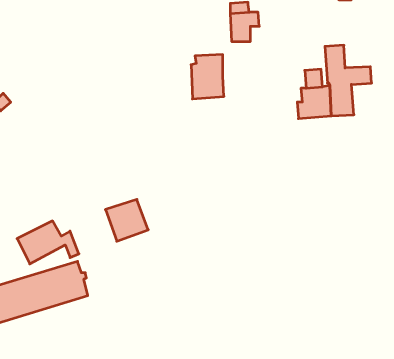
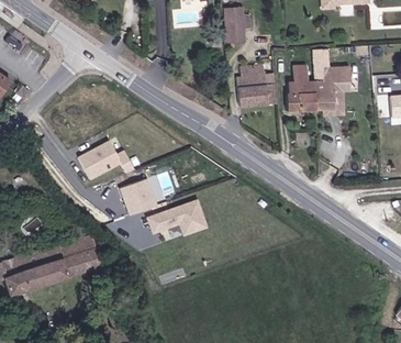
building: [191,55,224,99] -> [238,70,267,109]
building: [17,221,79,264] -> [79,142,133,179]
building: none -> [147,201,205,236]

